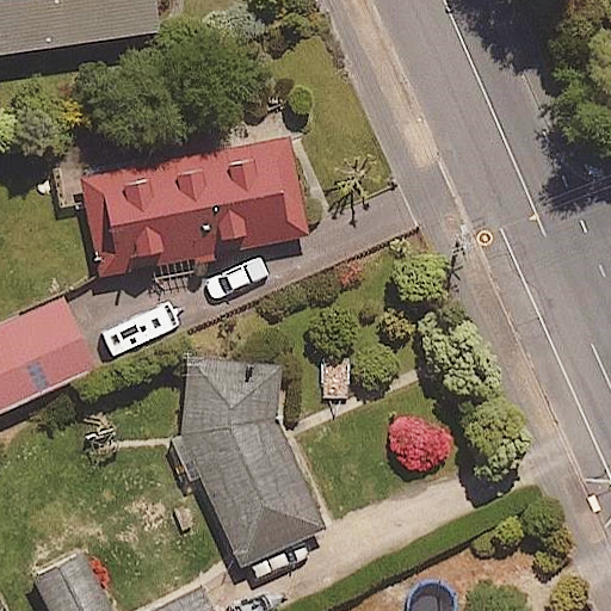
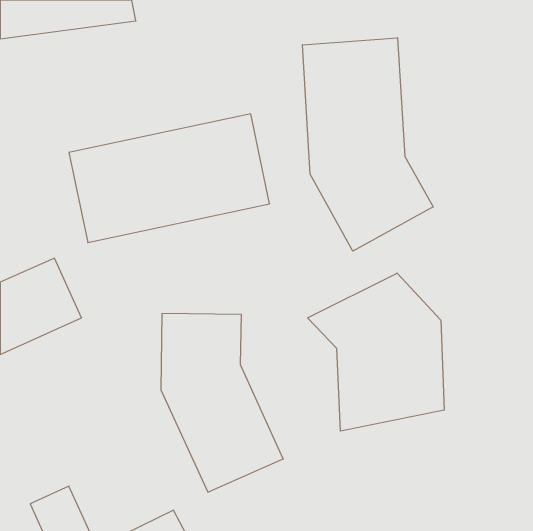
building: none -> [302,38,433,251]
building: none -> [308,273,444,431]

